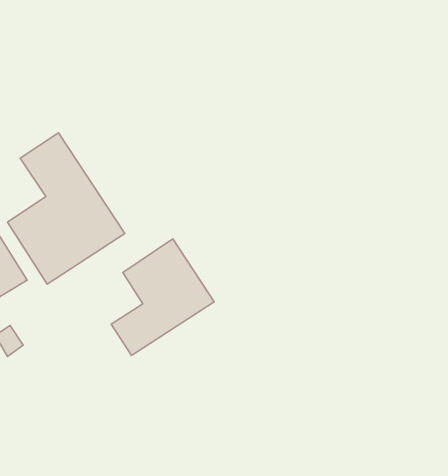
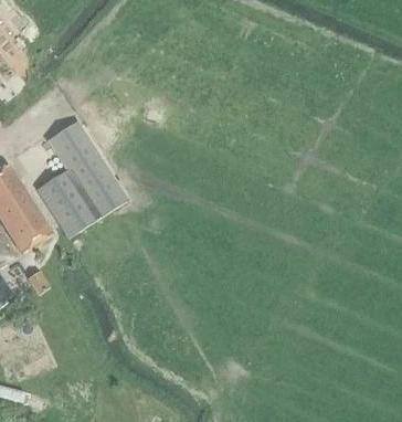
building: [111,239,214,356] -> none

